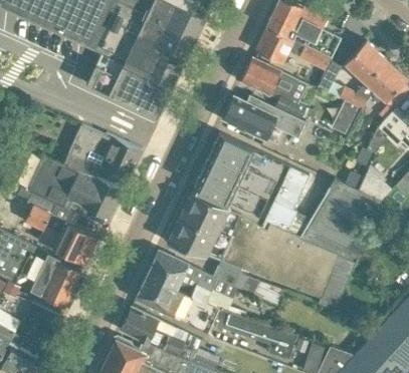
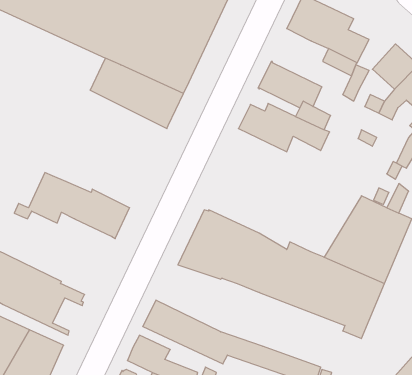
building: [255,27,304,63] -> none
building: [52,124,142,178] -> none
building: [194,132,310,231] -> none
building: [24,194,97,264] -> none
building: [147,250,283,317] -> none

